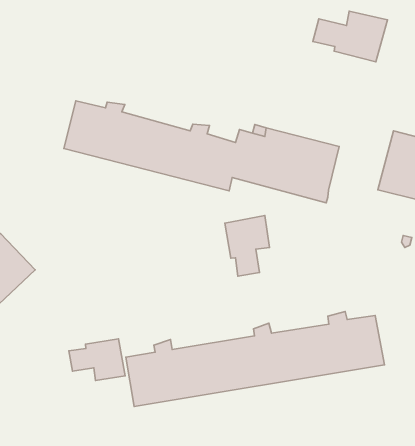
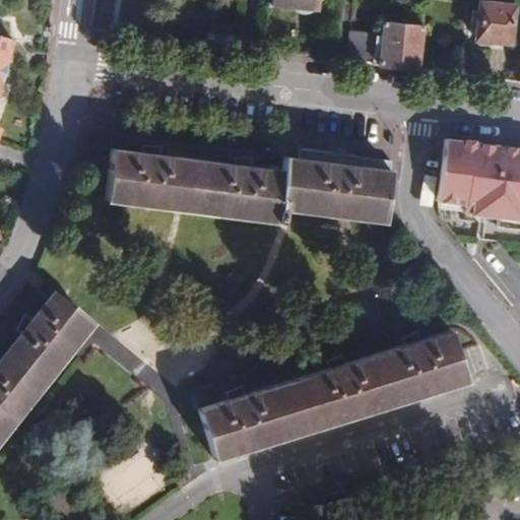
building: [225,216,270,276] -> none
building: [69,339,125,380] -> none

